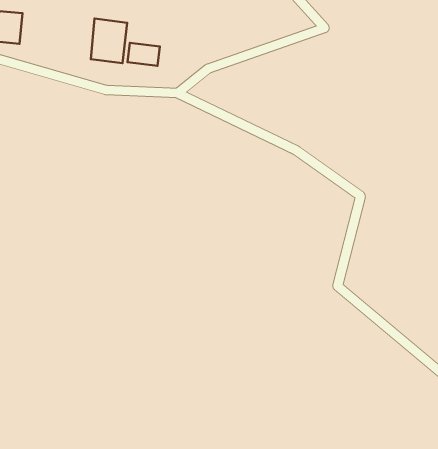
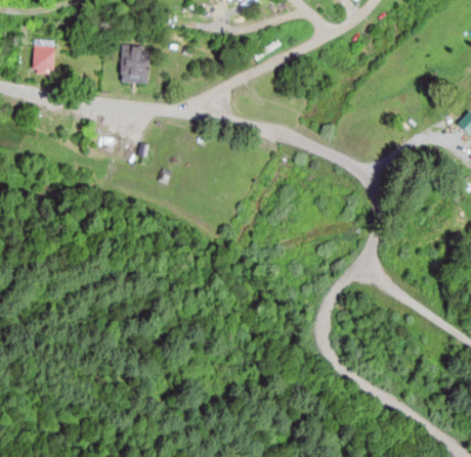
building: [128,43,160,66] -> none

